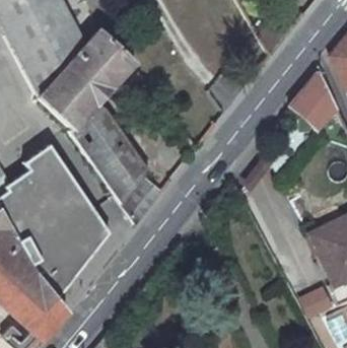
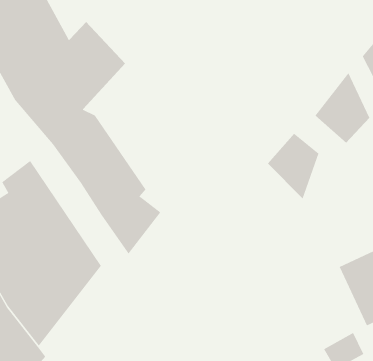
building: none -> [267,133,319,199]

